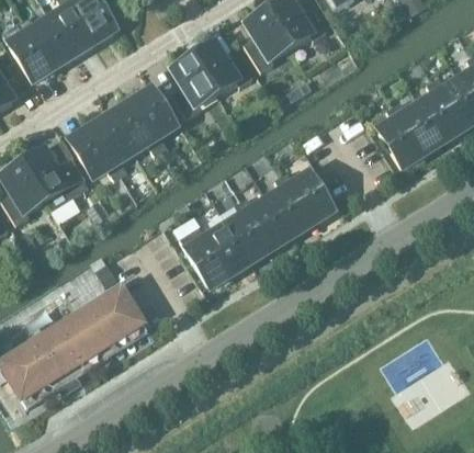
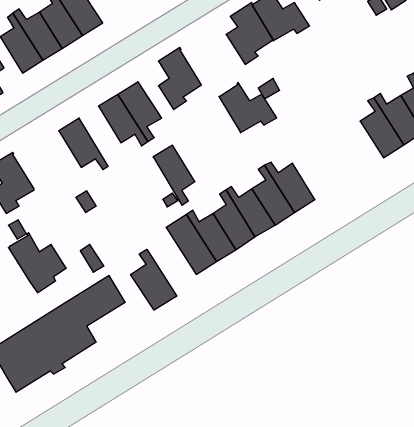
building: [194,41,253,92] -> [219,82,277,133]
building: [91,113,134,174] -> [153,145,195,205]
building: [23,147,82,208] -> [8,233,66,293]
building: none -> [131,249,177,310]

